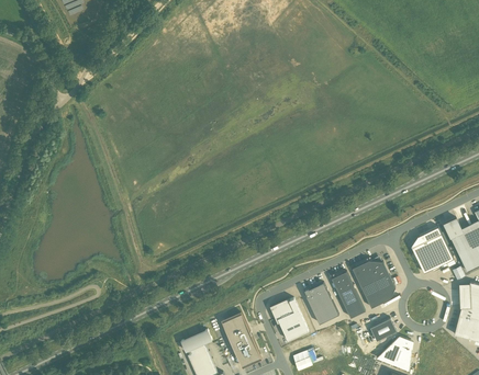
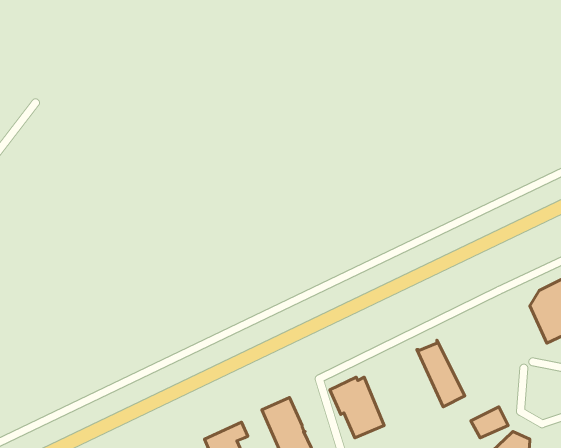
building: [352,260,394,307] -> none
building: [303,282,338,323] -> none

